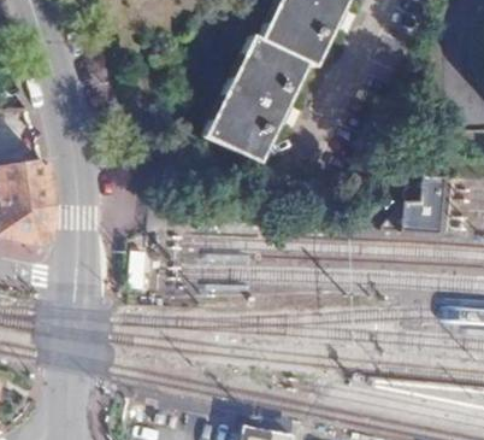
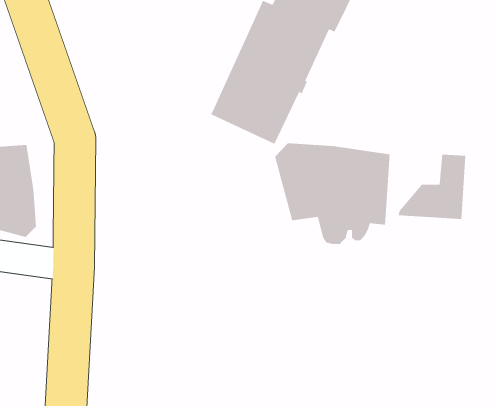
building: none -> [274,143,390,245]

